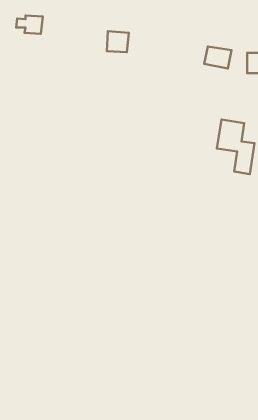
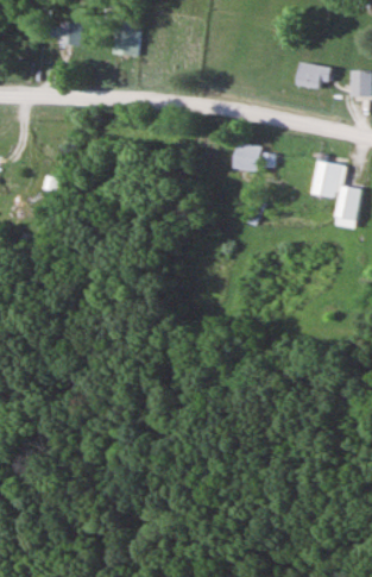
building: [107,31,129,52] -> [113,29,141,56]
building: none -> [232,142,263,173]

